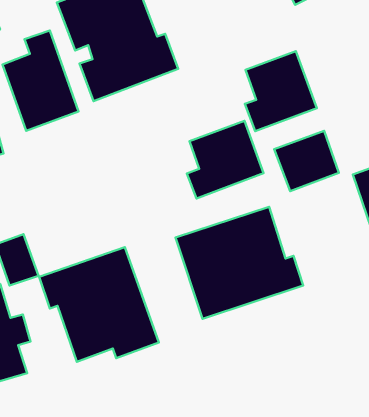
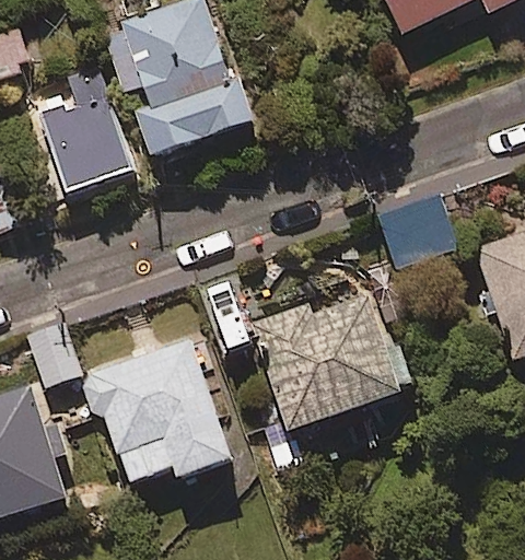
building: [245,51,317,131] -> none
building: [187,121,264,198] -> none

